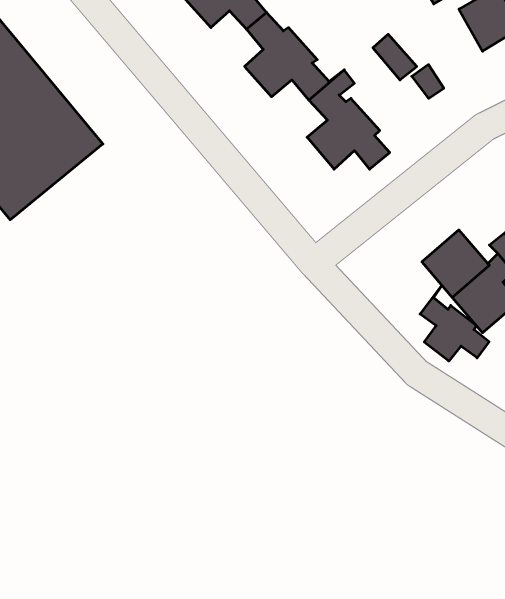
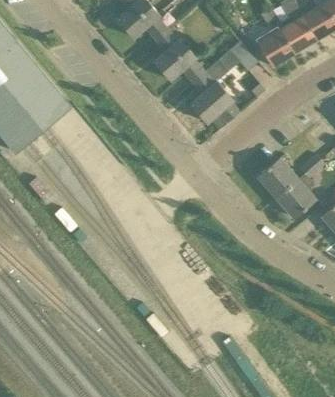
building: none -> [257,27,294,65]
building: [420,285,489,361] -> none

